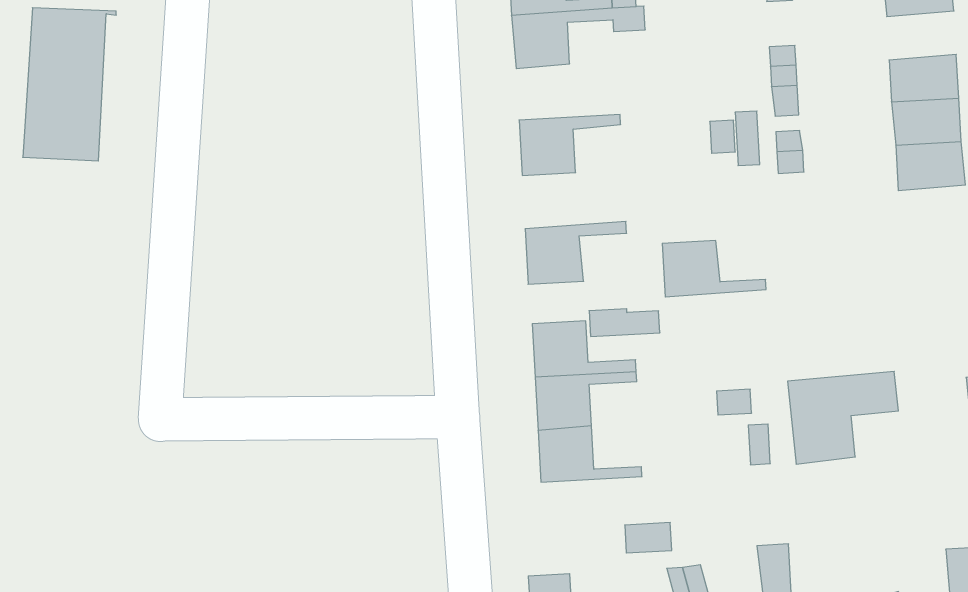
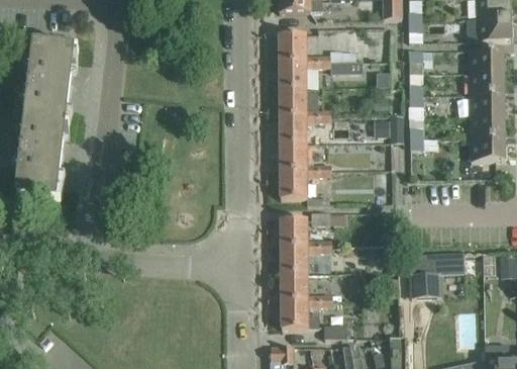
building: none -> [470,72,504,95]
building: none -> [280,88,331,115]
building: none -> [17,120,65,201]
building: [662,241,766,297] -> [280,144,331,171]
building: none -> [281,300,332,330]

